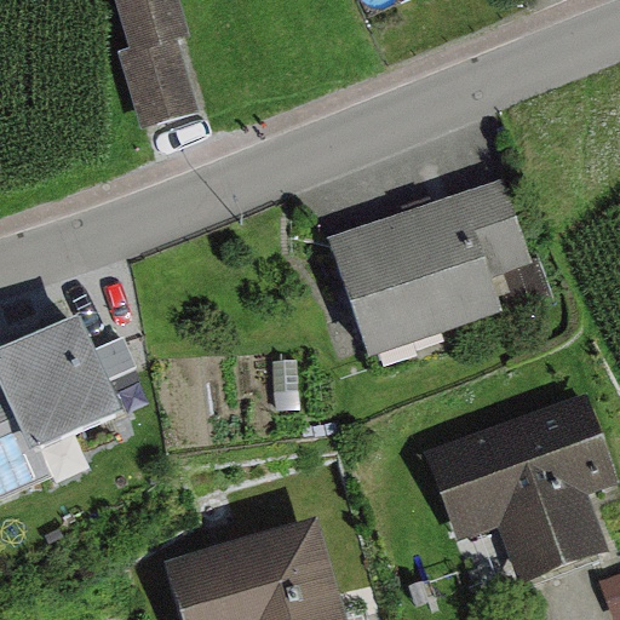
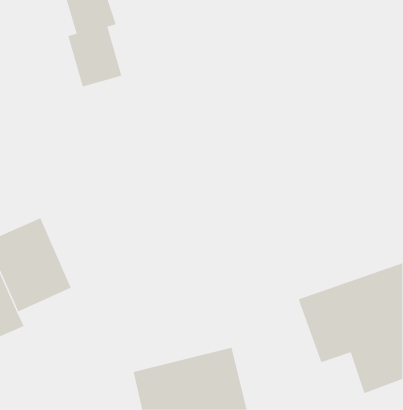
building: [354,167,563,350] -> none

